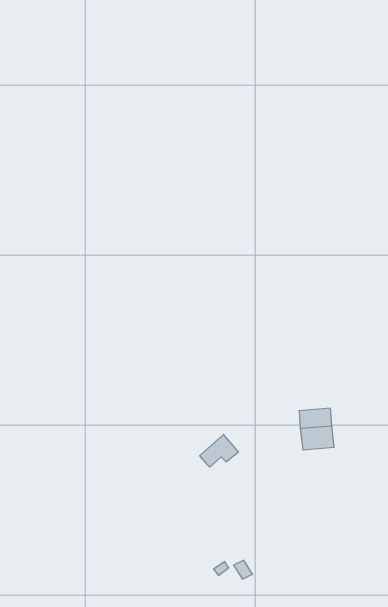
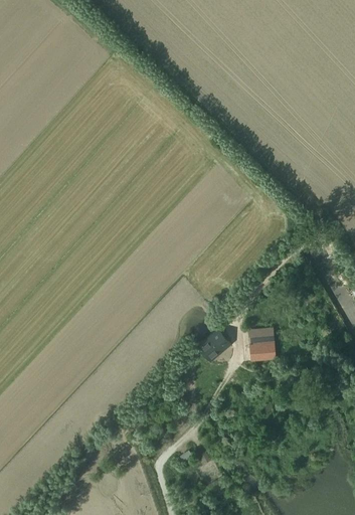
building: [200,434,239,467] -> [199,331,230,357]

